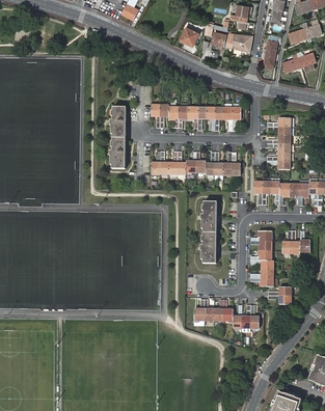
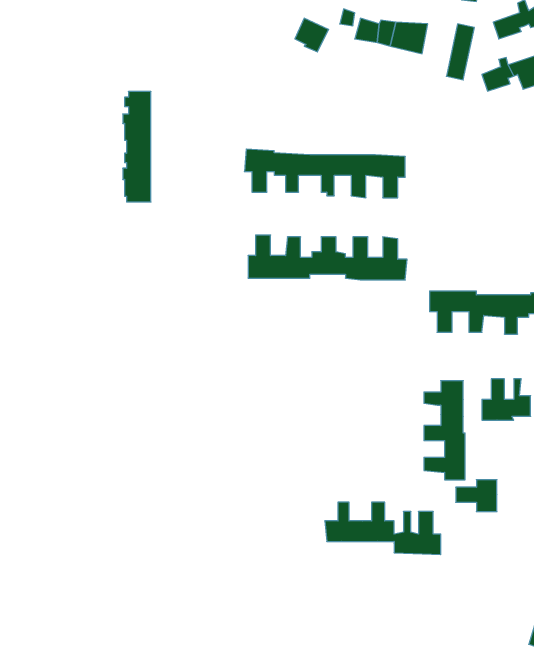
building: [111,108,127,169] -> [123,92,151,202]
building: [265,117,290,170] -> none
building: [201,202,218,265] -> none

